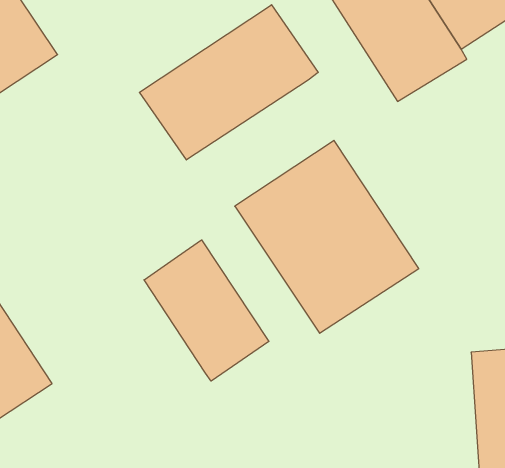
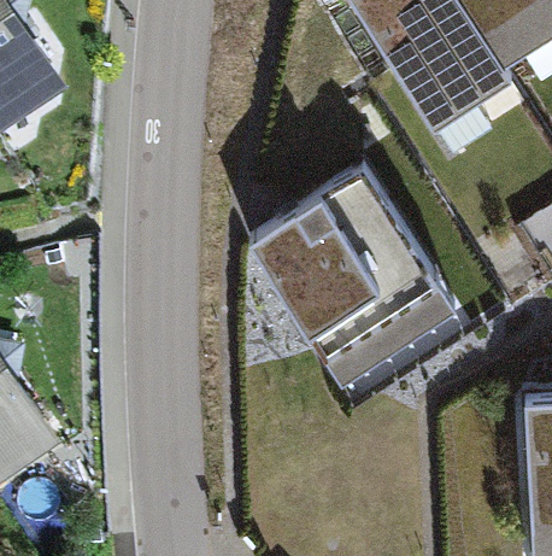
building: [139,5,318,160] -> none
building: [144,240,269,381] -> none

